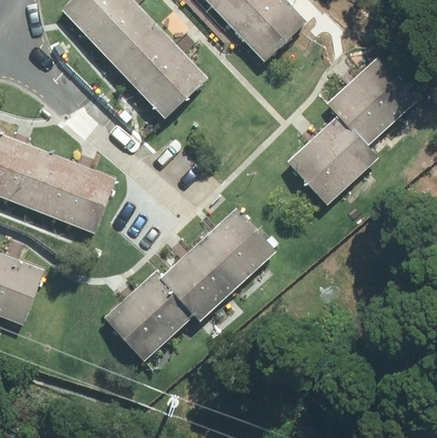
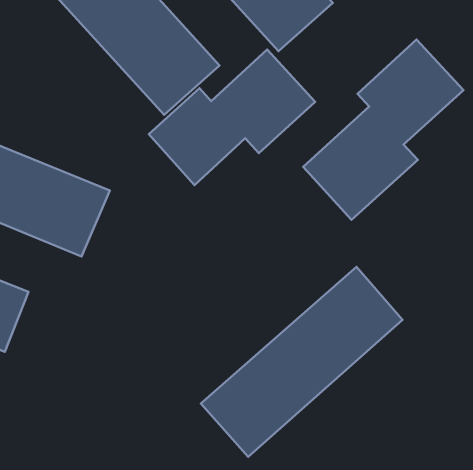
building: none -> [149,49,315,185]
building: [105,196,278,359] -> [201,267,403,457]

